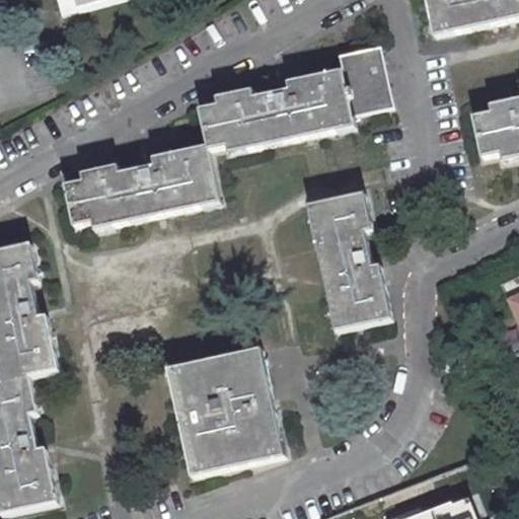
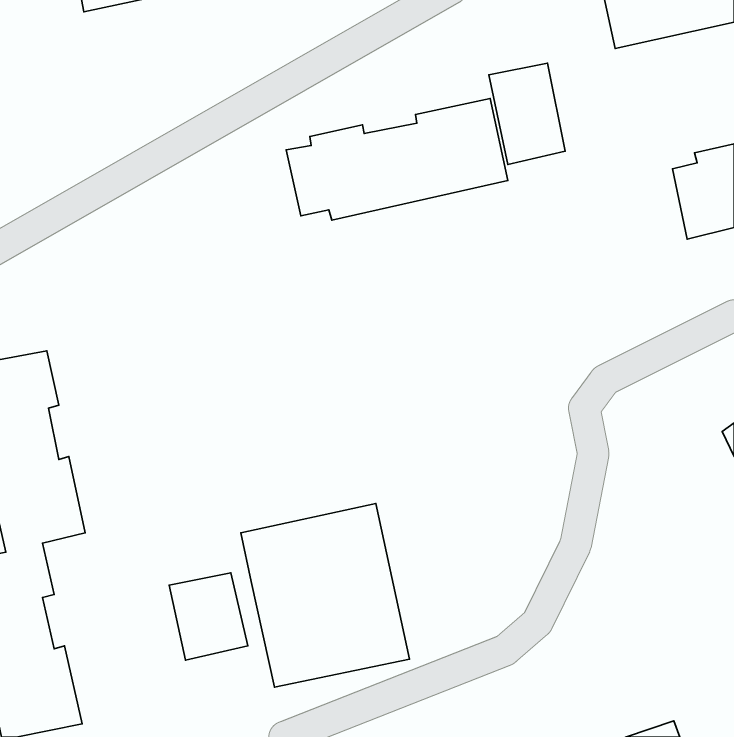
building: [65,144,216,227] -> none
building: [308,193,389,331] -> none
building: none -> [169,573,248,660]

